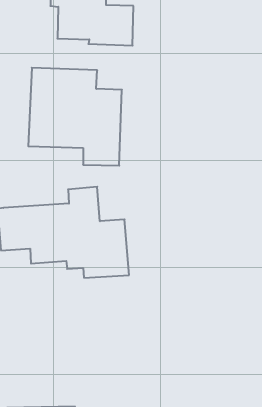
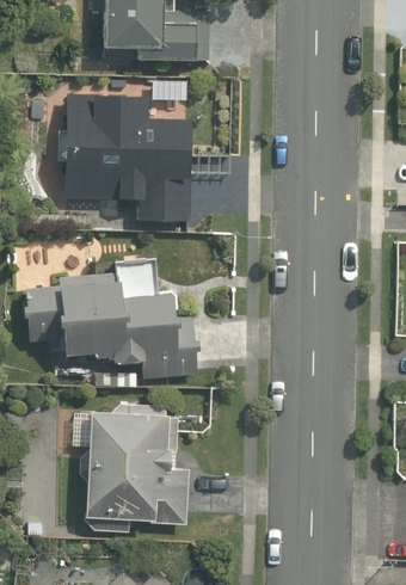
building: none -> [86,396,189,534]

